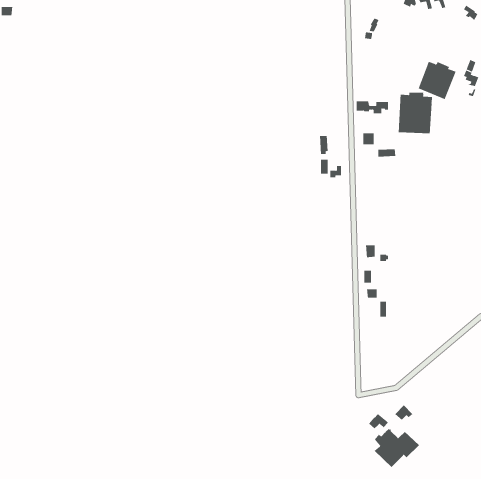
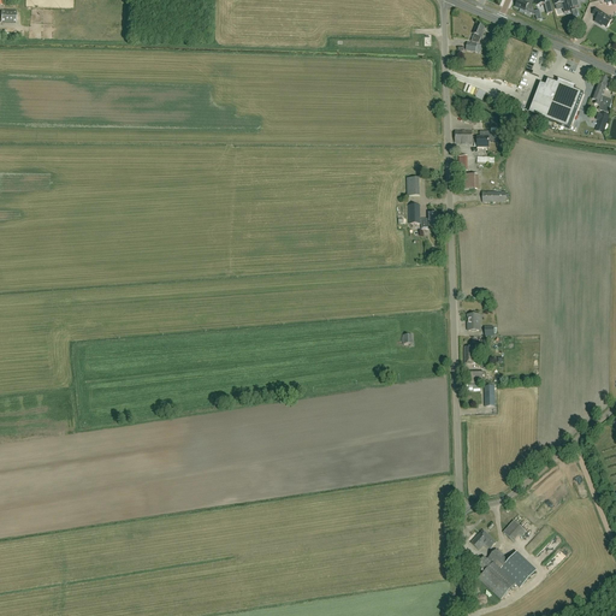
building: [398,92,432,134] -> none

